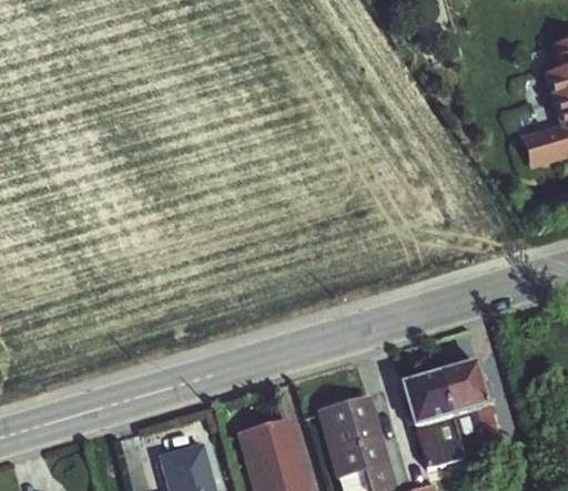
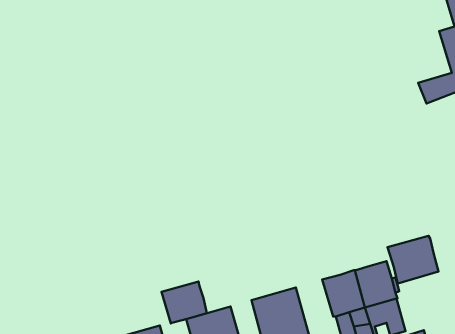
building: none -> [388,236,439,284]
building: none -> [161,281,207,323]

